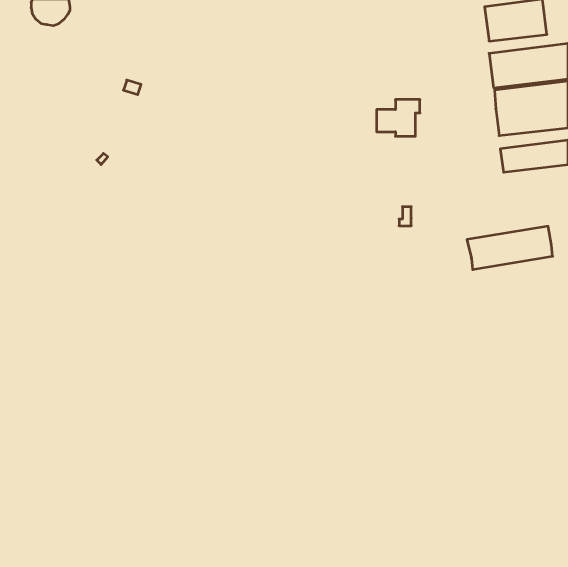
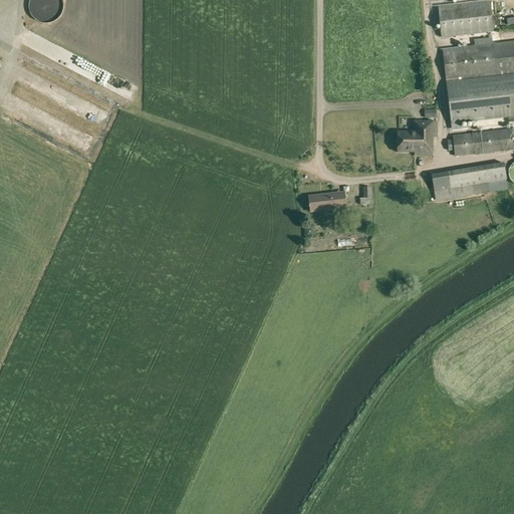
building: [377,100,420,136] -> [398,121,437,155]
building: none -> [308,193,346,211]
building: [467,226,553,270] -> [431,162,508,201]

